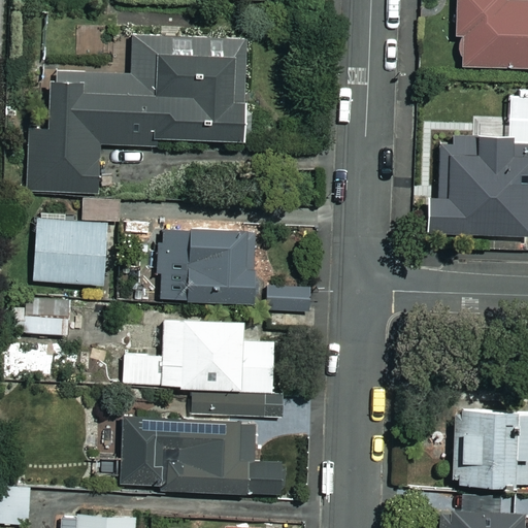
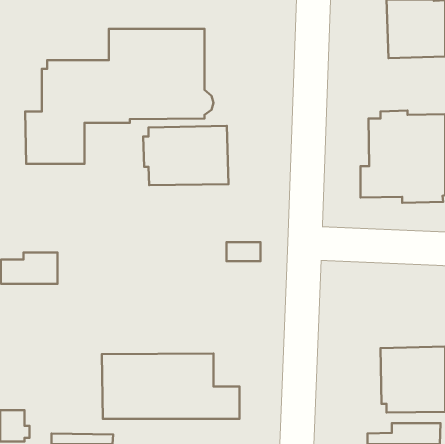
building: [35,212,114,283] -> none
building: [156,231,257,301] -> [143,126,228,185]
building: [111,314,274,410] -> none

